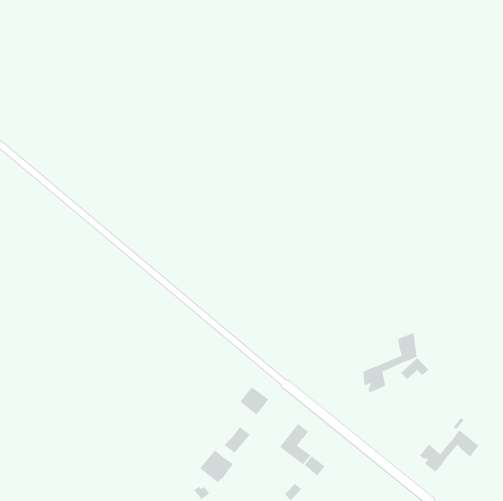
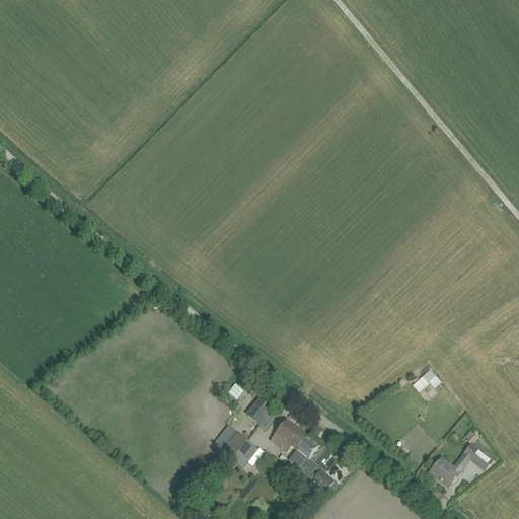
building: [363,332,417,393] -> none
building: none -> [270,419,306,451]
building: [199,449,234,483] -> [211,423,246,457]

